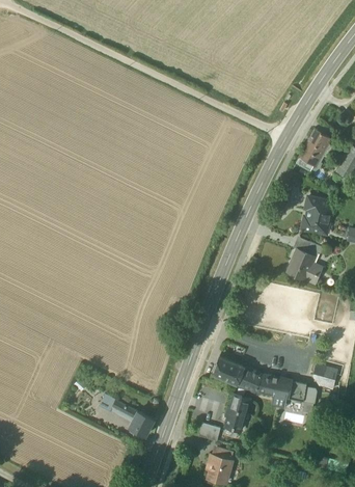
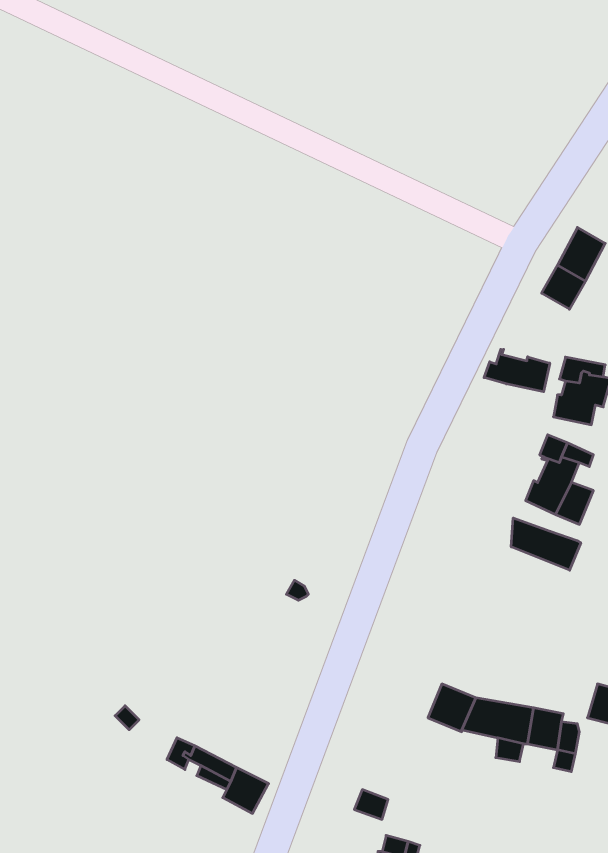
building: none -> [484,349,550,392]
building: none -> [511,518,581,570]
building: [212,356,244,384] -> none
building: [225,393,250,429] -> none

